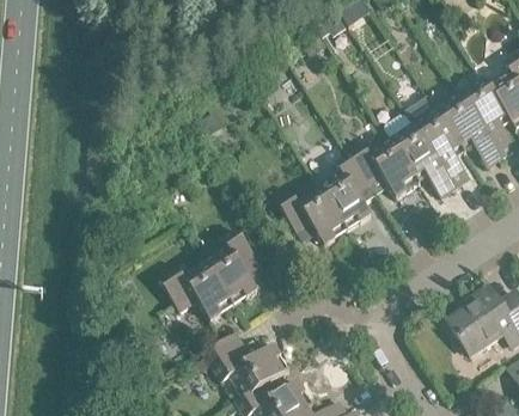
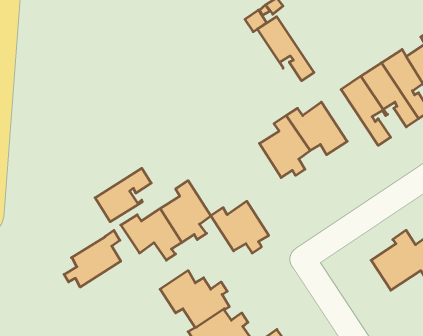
building: [390,123,456,197] -> [257,17,314,81]
building: [276,185,343,245] -> [211,201,269,253]
building: none -> [95,168,151,222]
building: none -> [64,230,121,287]

